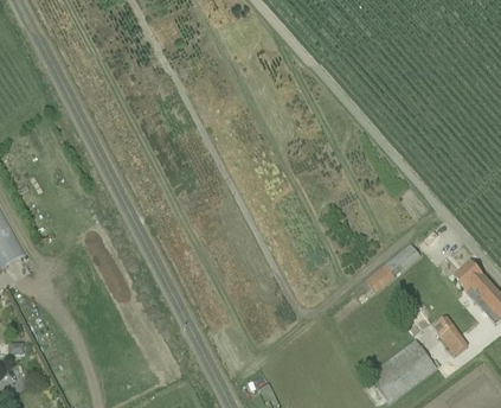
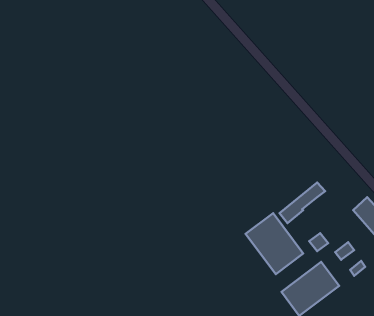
building: none -> [246,213,303,274]

